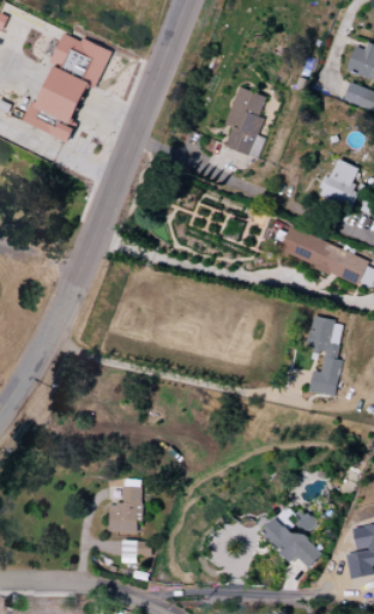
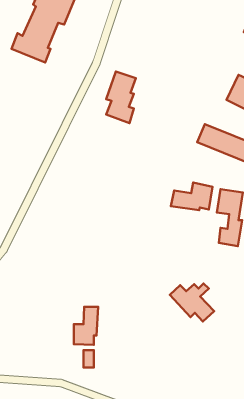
building: [224,86,265,158] -> [106,71,136,123]
building: none -> [171,183,213,210]
building: [260,516,321,568] -> [170,283,214,322]

